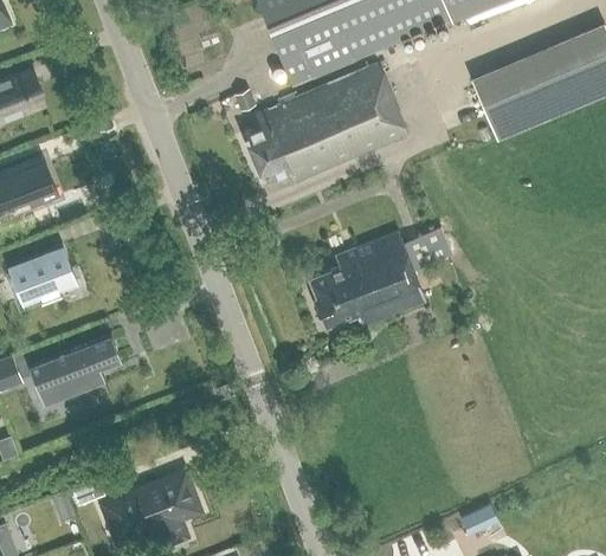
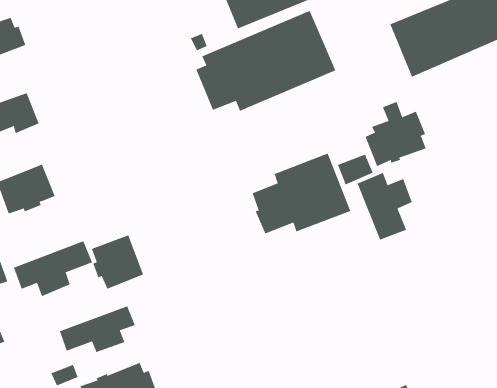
building: none -> [365,101,427,167]
building: none -> [357,172,412,240]
building: none -> [91,235,144,289]
building: none -> [59,305,135,353]

